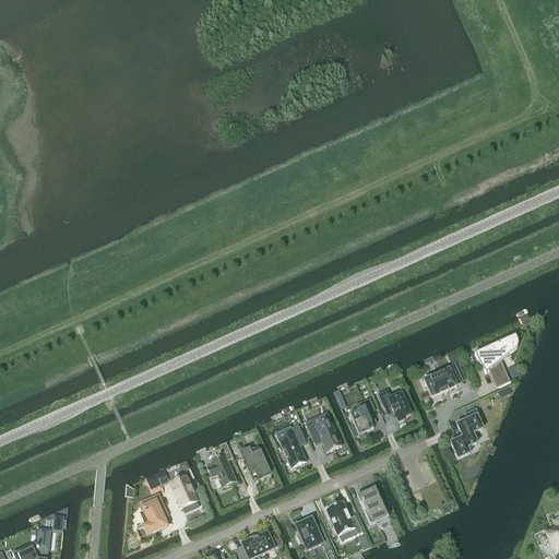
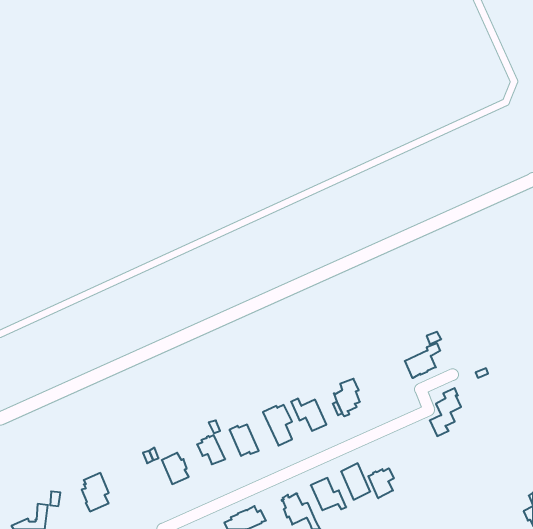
building: [474,333,518,384] -> none
building: [378,388,411,420] -> none
building: none -> [368,468,394,498]
building: [139,492,167,533] -> [82,473,109,511]

